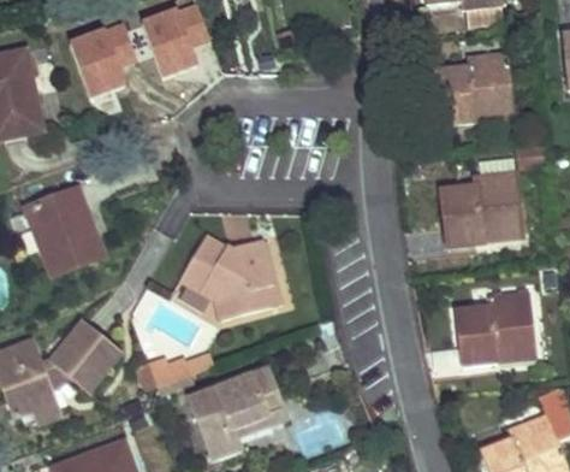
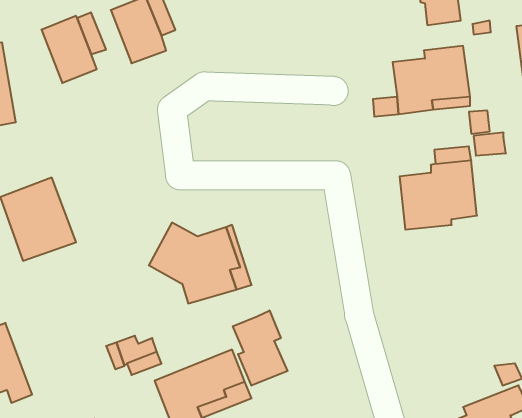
building: [455,291,536,364] -> none
building: [52,324,118,391] -> none
building: none -> [233,310,288,386]

